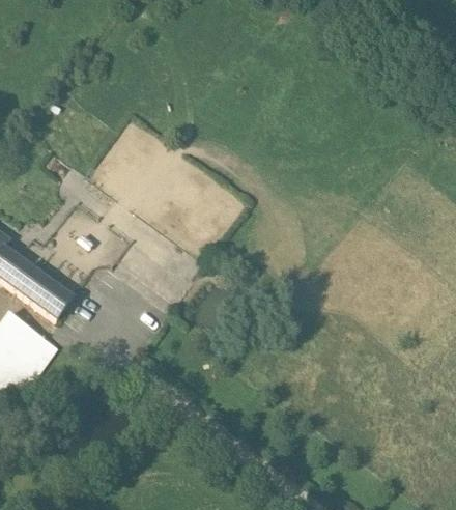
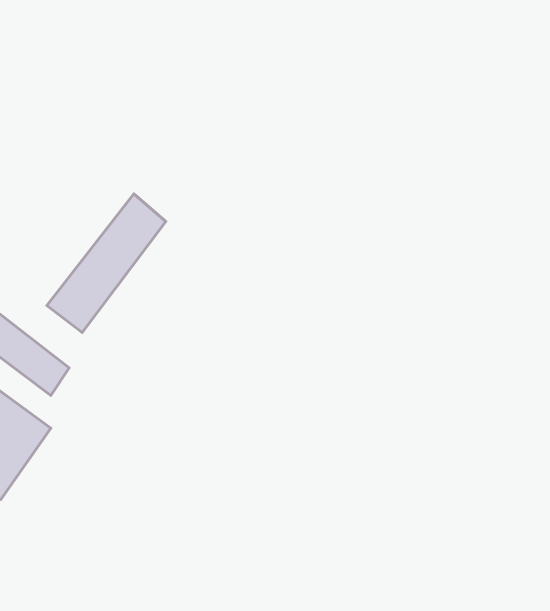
building: none -> [47,194,166,332]

